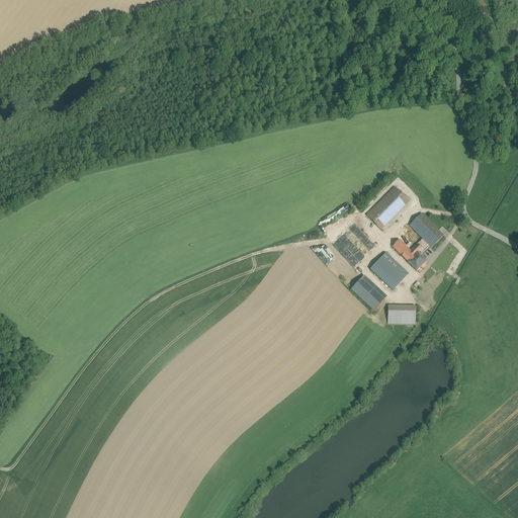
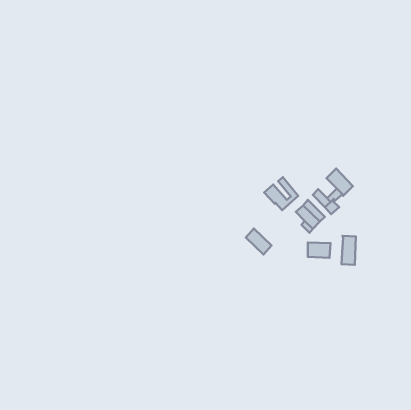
building: [367,185,409,227] -> none
building: [350,277,382,310] -> [246,229,272,254]
building: none -> [342,236,356,265]

